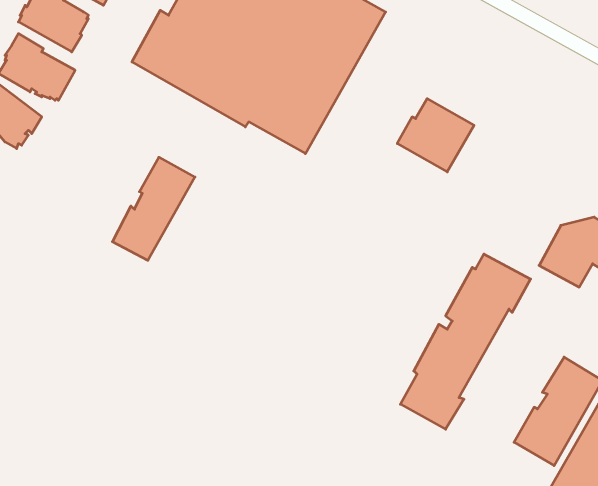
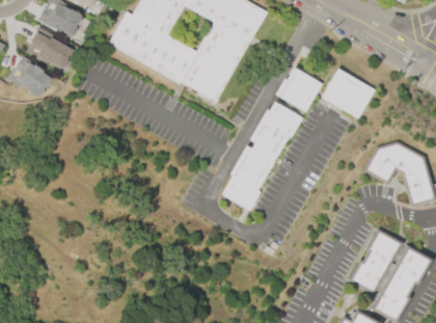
building: none -> [322,68,376,118]
building: [112,157,195,260] -> none
building: [400,254,531,429] -> [222,101,303,210]

